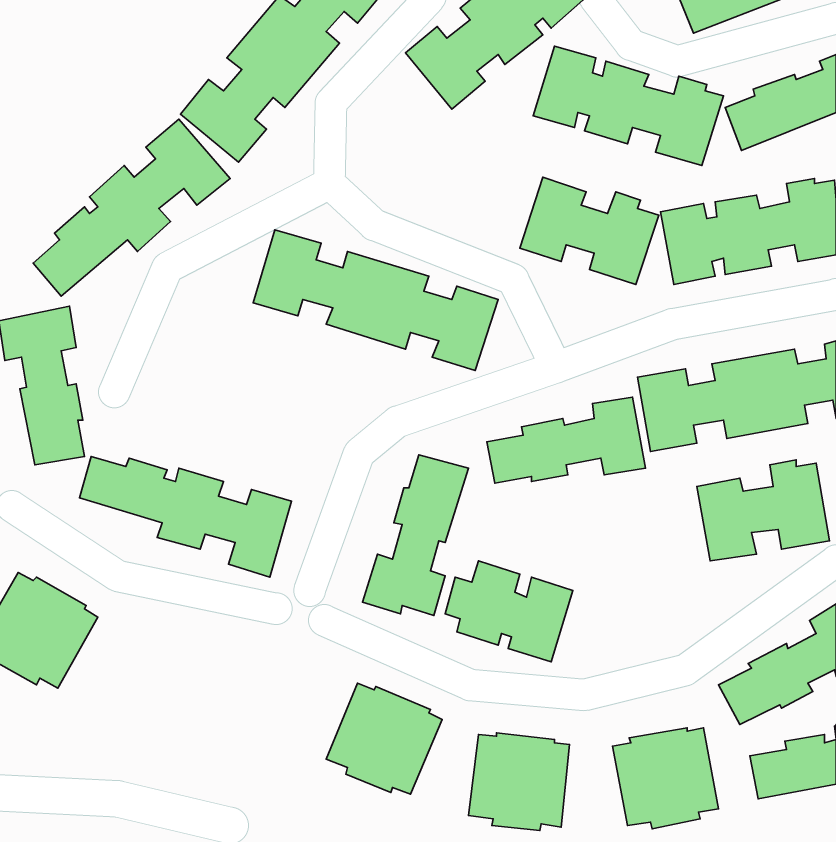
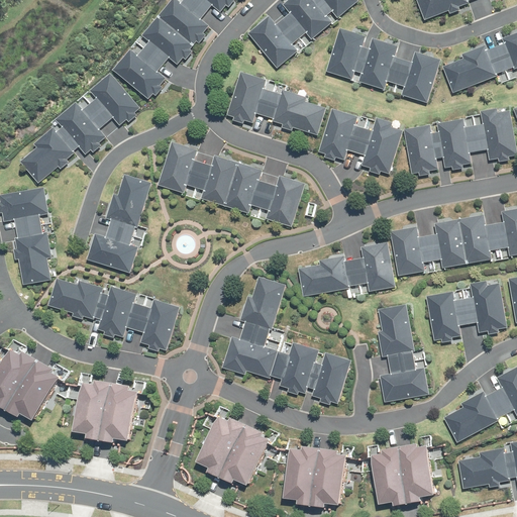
building: none -> [226,73,325,136]
building: none -> [87,174,150,272]
building: none -> [377,304,428,406]
building: none -> [77,383,139,442]

